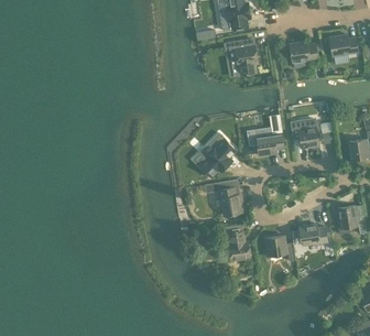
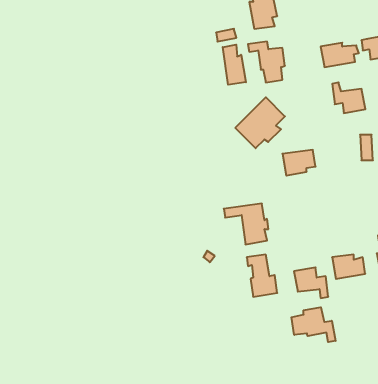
building: none -> [223,45,246,85]
building: [290,120,318,147] -> [332,82,365,113]
building: [192,132,235,176] -> [235,97,285,148]
building: none -> [291,307,336,342]

